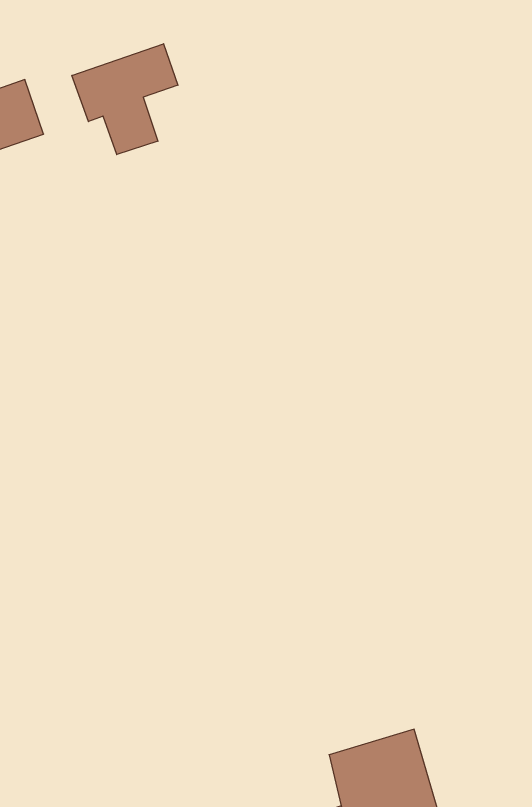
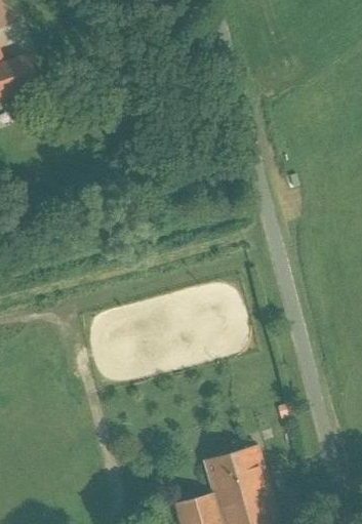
building: [72,44,178,155] -> none

